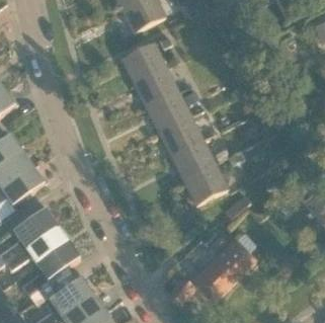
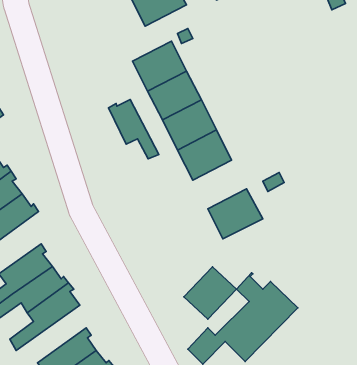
building: none -> [108,99,159,159]
building: [171,140,215,179] -> none
building: none -> [184,267,237,319]

